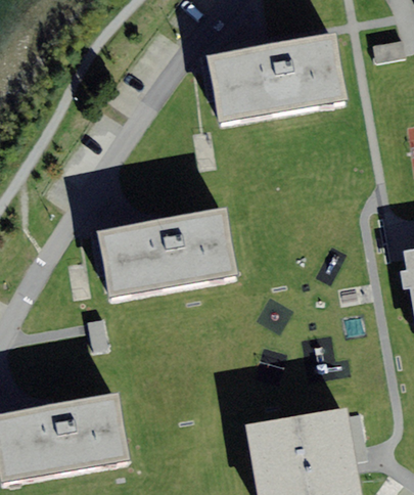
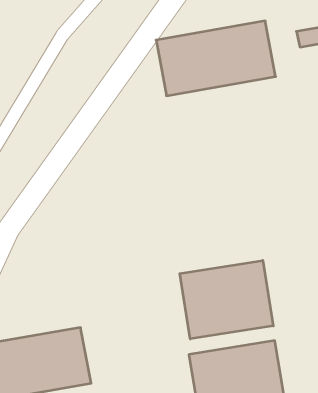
building: [97,207,237,296] -> none
building: none -> [180,260,273,339]

